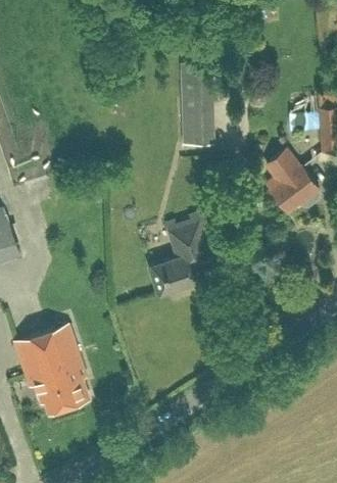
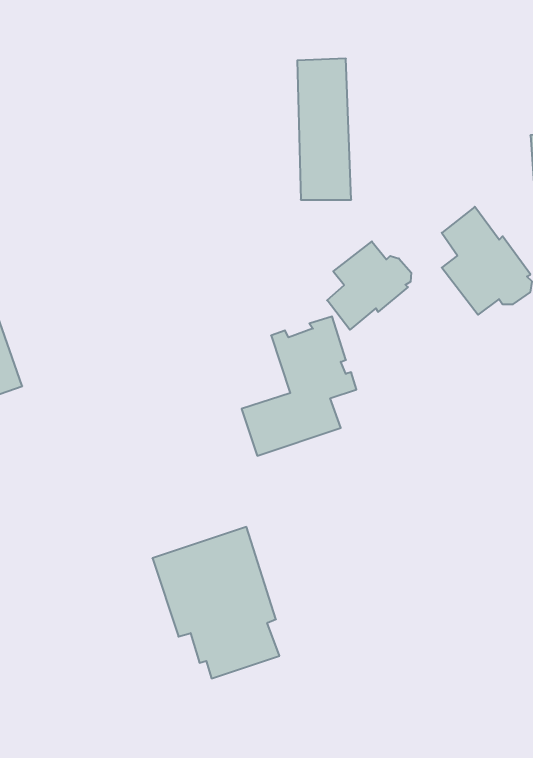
building: none -> [327,241,411,330]
building: [13,324,88,413] -> [152,527,279,678]

